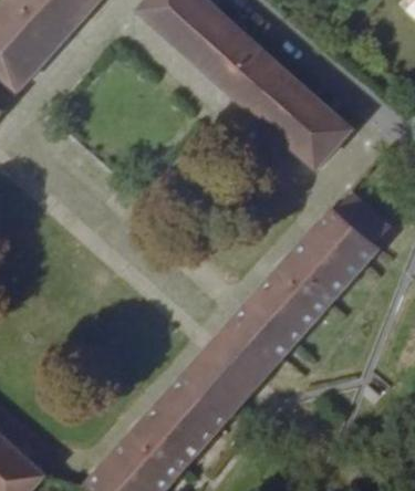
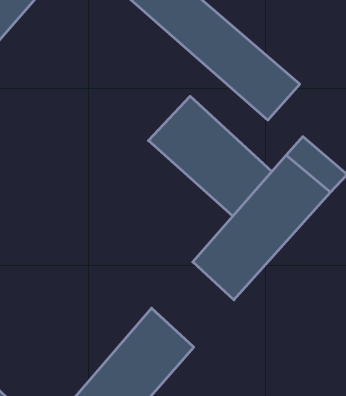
building: none -> [148,96,272,216]
building: [188,321,277,412] -> none

